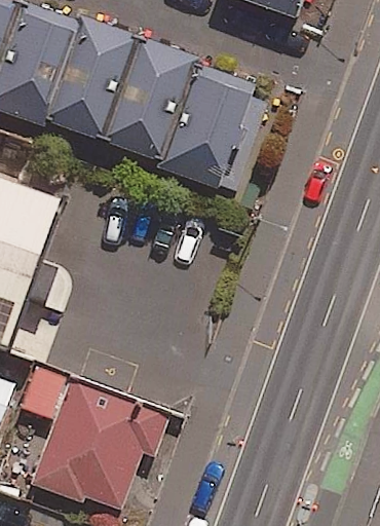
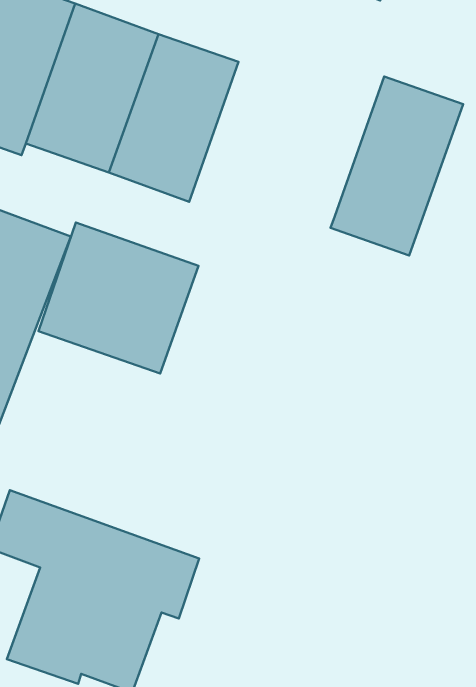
building: [156,63,250,189] -> [330,76,463,256]
building: none -> [38,222,199,374]

